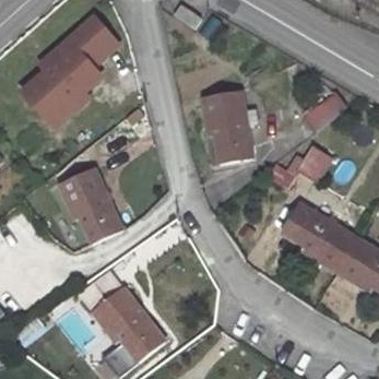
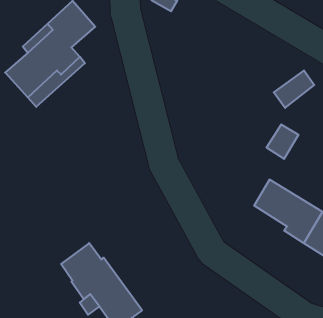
building: [203,88,252,161] -> none
building: [61,166,123,244] -> none

